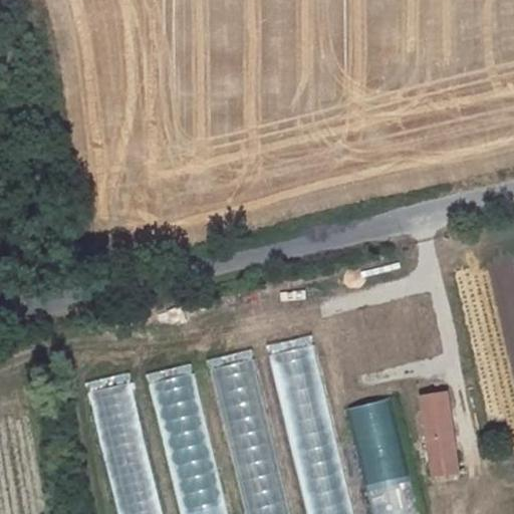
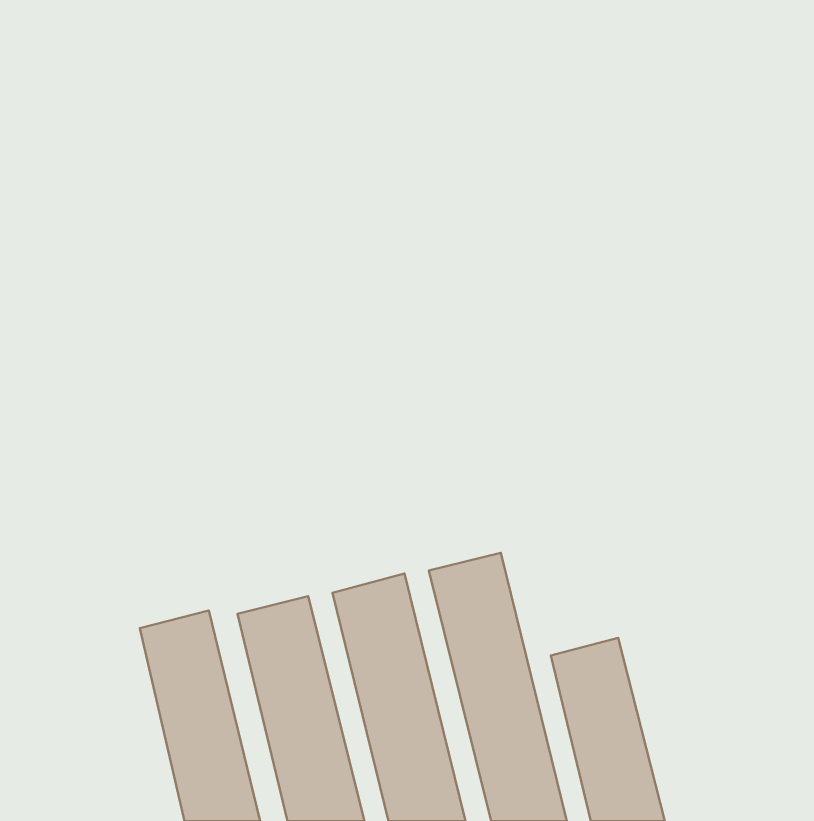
building: [419,387,464,476] -> none

